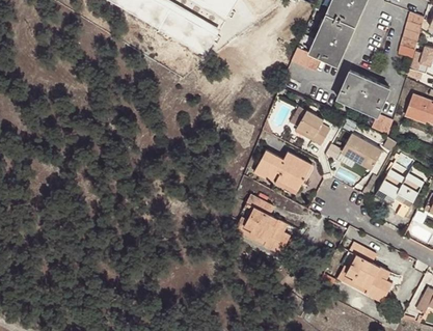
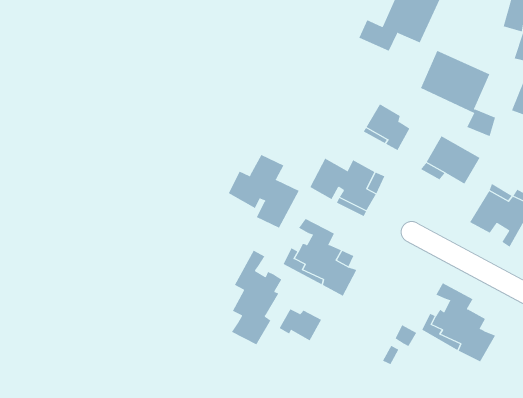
building: none -> [228,154,299,229]
building: none -> [231,250,282,345]
building: none -> [279,309,322,341]

